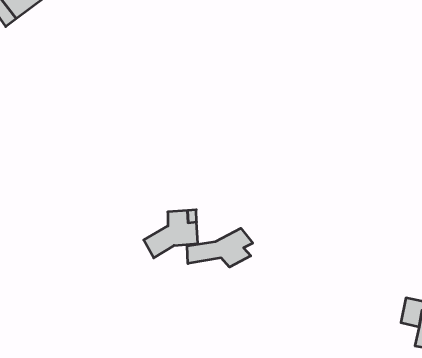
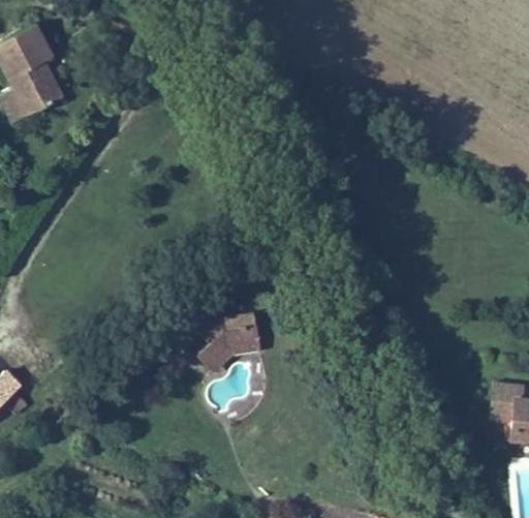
building: [187,228,253,267] -> none

